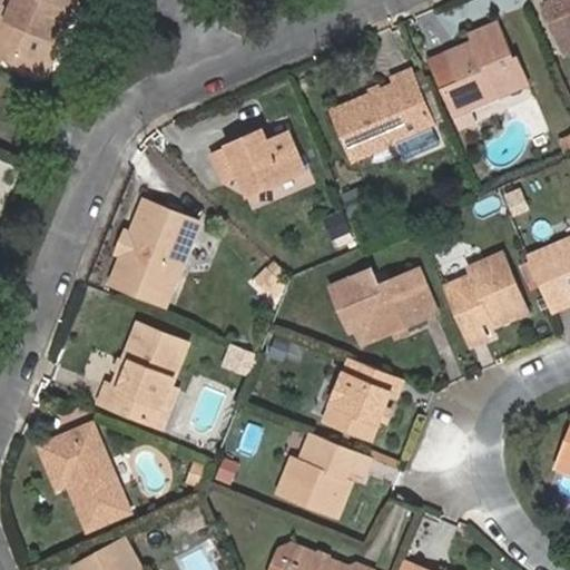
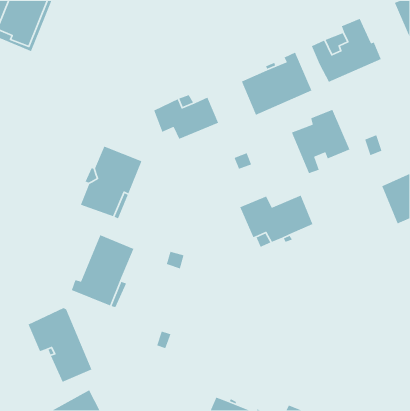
building: [442,255,524,345] -> [291,109,350,174]
building: [325,357,400,436] -> none
building: [277,431,367,513] -> none

